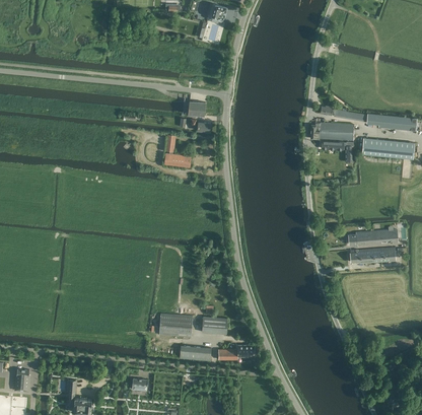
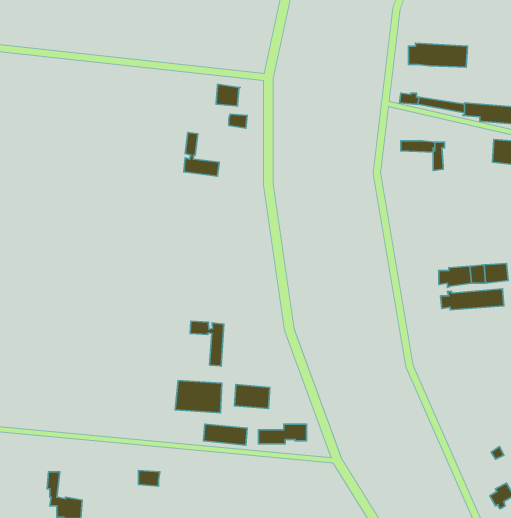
building: [310,123,353,140] -> [408,43,468,67]
building: [361,138,388,156] -> none
building: none -> [190,321,224,366]

